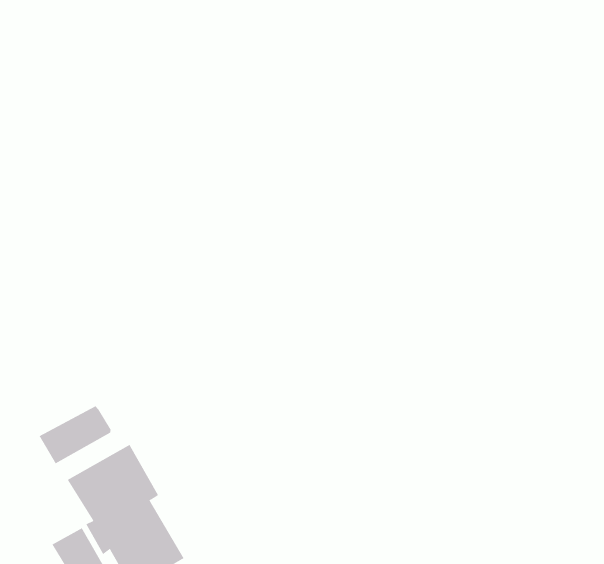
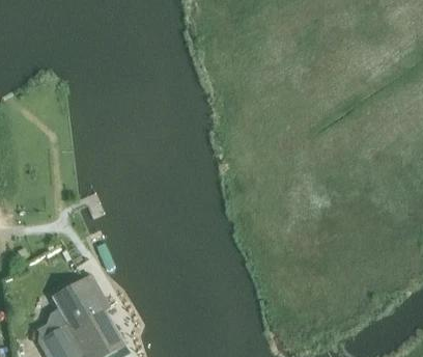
building: [39,405,111,464] -> none

